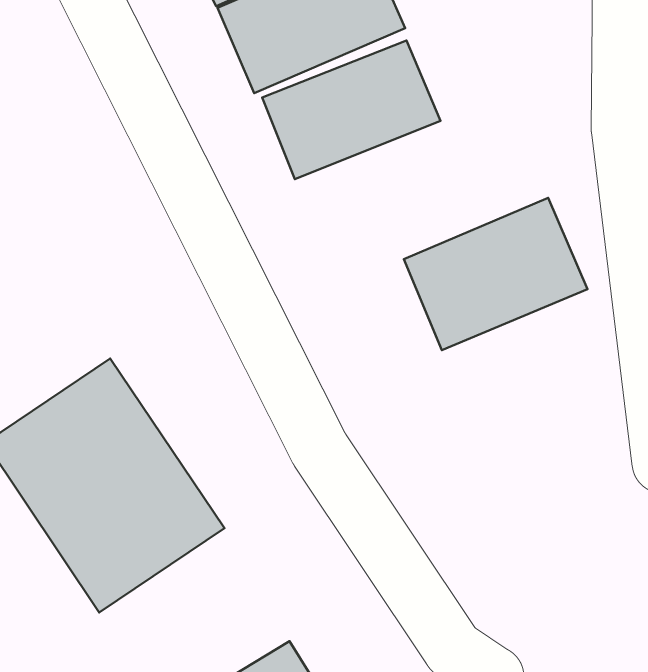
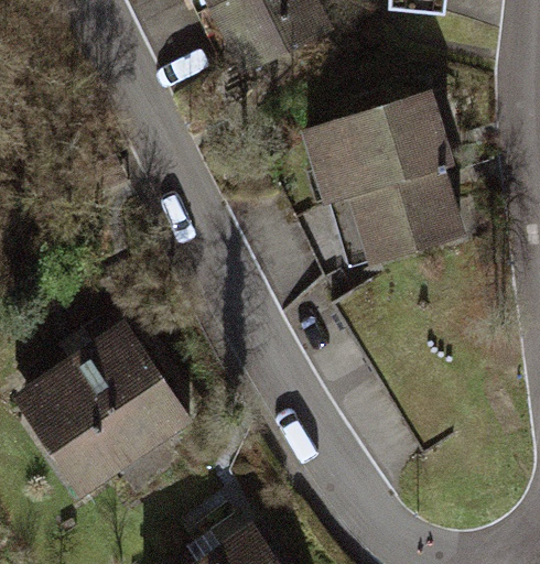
building: [262,41,440,179] -> [313,83,457,195]

